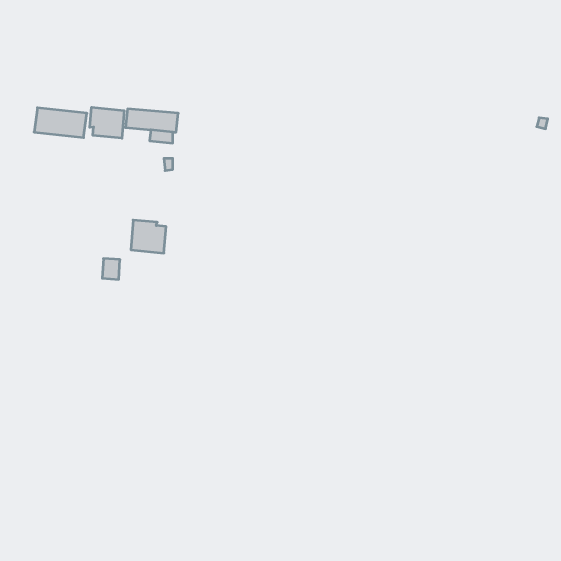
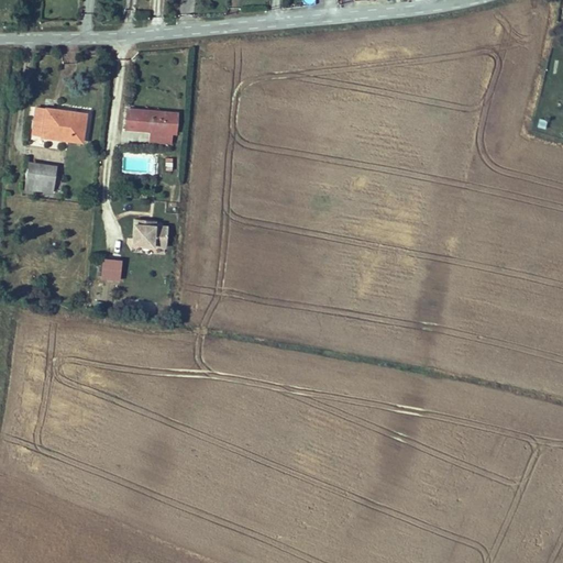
building: [90,107,124,138] -> none
building: none -> [24,162,57,192]

